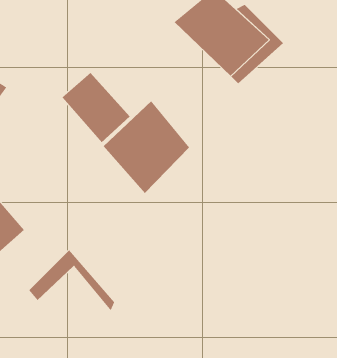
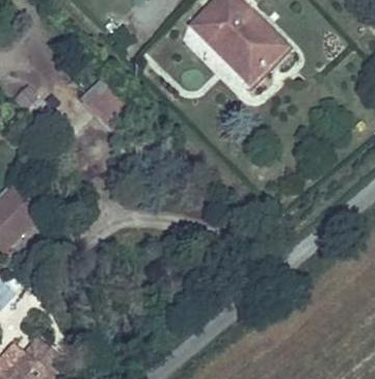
building: [103,101,190,194] -> none
building: [28,250,115,311] -> none

